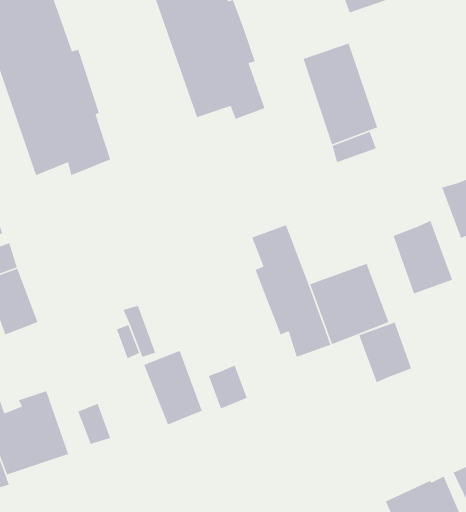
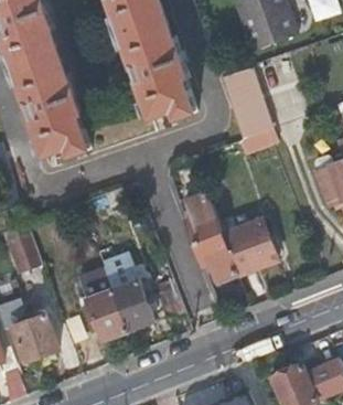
building: [393,220,453,294] -> none
building: [358,321,412,383] -> none
building: none -> [83,288,127,341]

